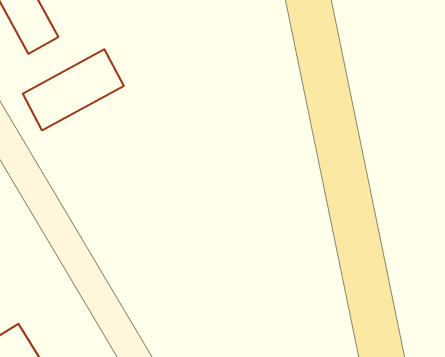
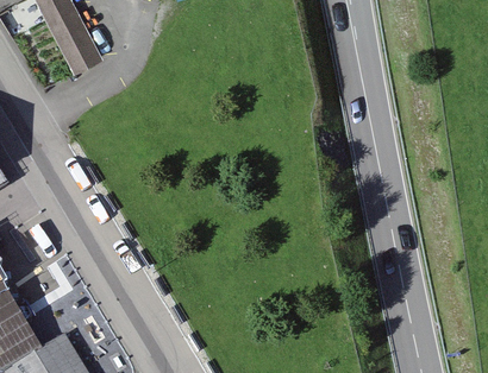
building: [23,49,124,130] -> none

